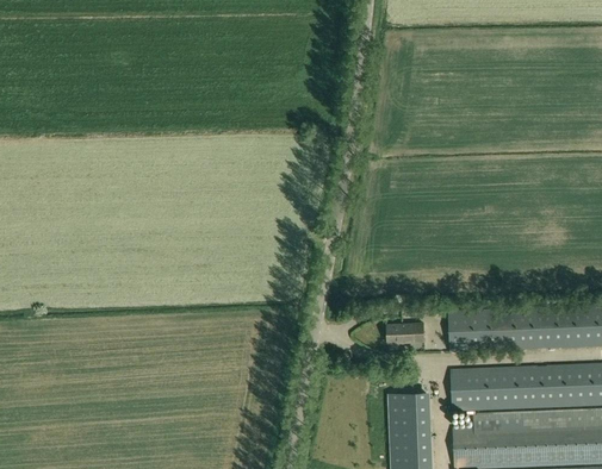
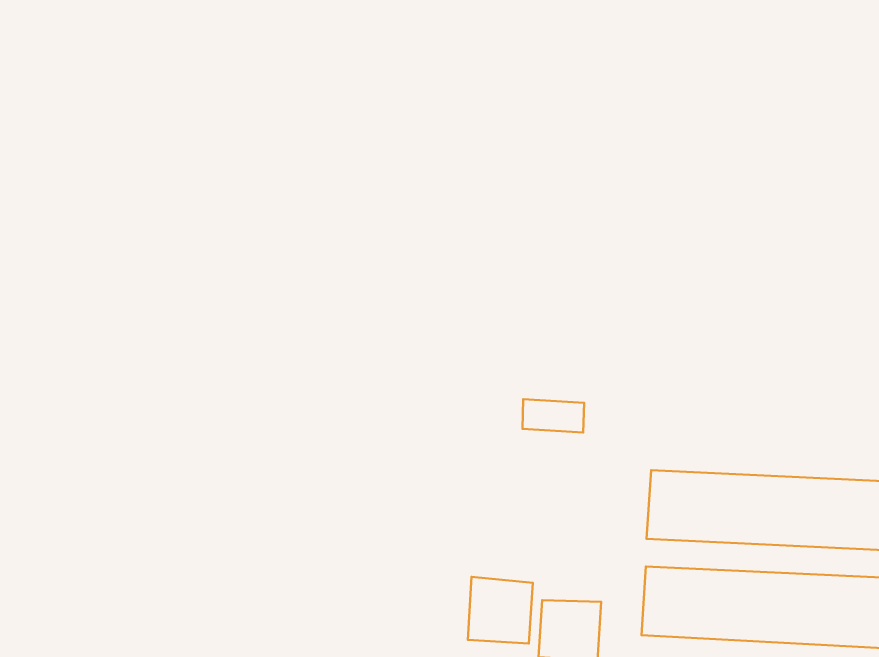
building: [386,324,424,343] -> [522,399,584,432]
building: none -> [468,577,533,644]

